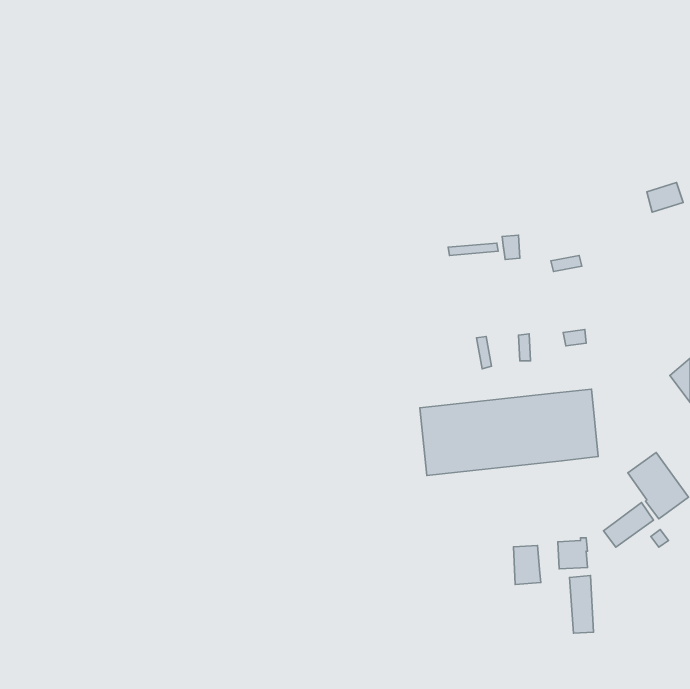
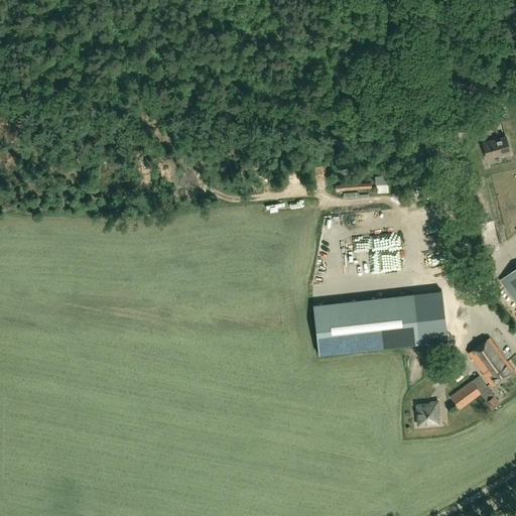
building: [513,545,541,585] -> none
building: [570,575,593,633] -> none

